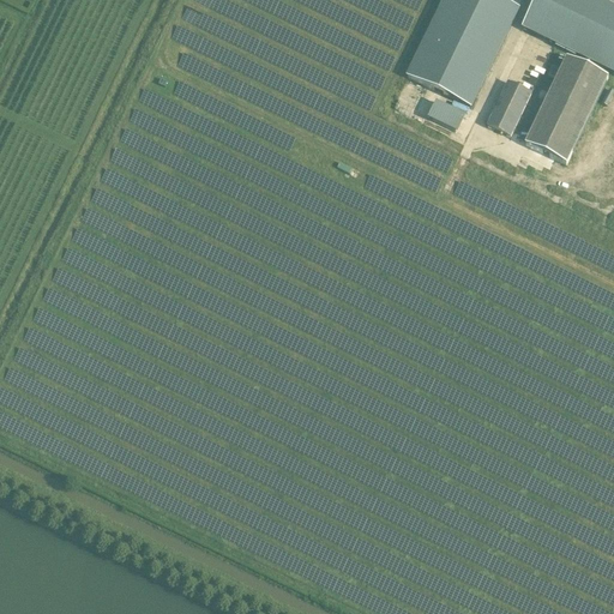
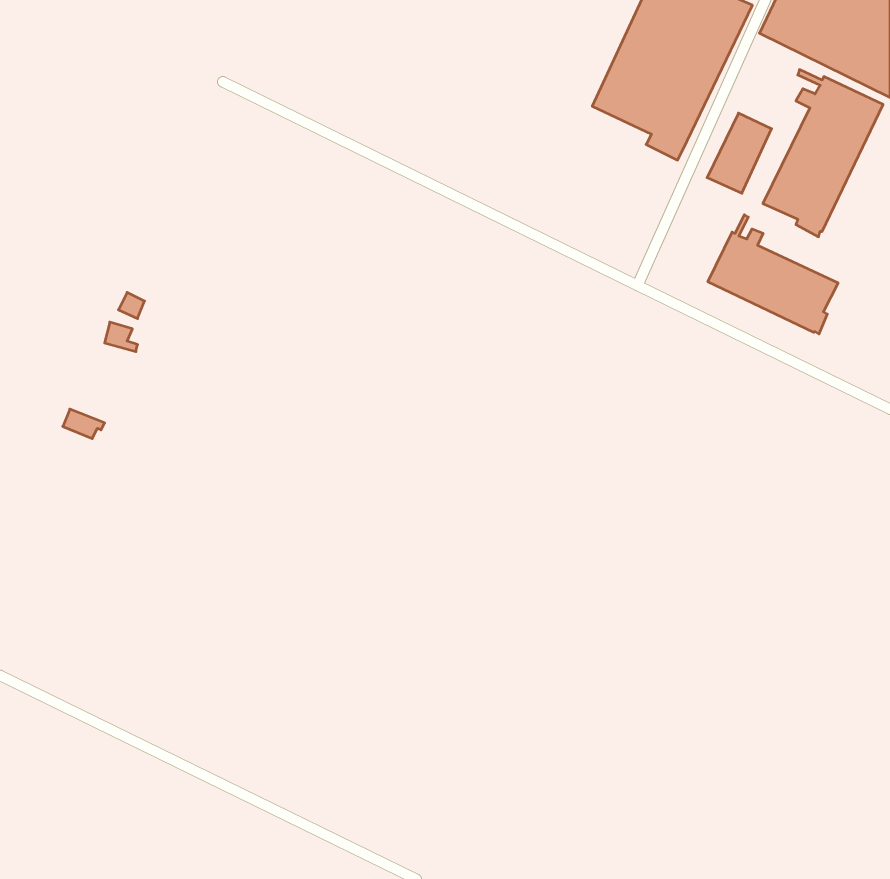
building: none -> [708,215,838,334]

